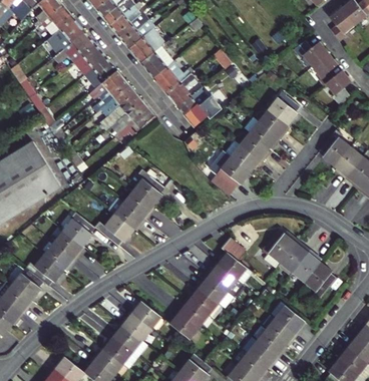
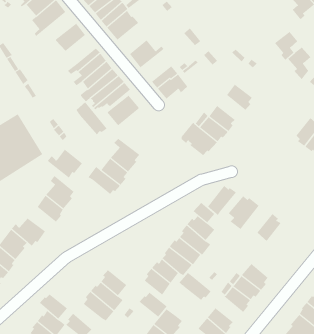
building: [52,31,96,61] -> none
building: [293,39,328,65] -> none
building: [140,46,172,77] -> none
building: [84,56,117,88] -> none
building: [165,73,202,107] -> [107,95,140,126]
building: [268,90,300,124] -> none
building: [245,118,280,148] -> none
building: [318,128,350,165] -> none
building: none -> [76,102,107,135]
building: [94,214,133,246] -> [47,149,83,178]
building: [277,242,309,275] -> [207,185,237,216]
building: [43,243,74,270] -> none
building: [303,261,336,292] -> none
building: [130,300,161,328] -> [139,292,168,318]
building: [242,337,278,368] -> [178,272,212,301]
building: [92,348,123,376] -> [39,294,68,320]

